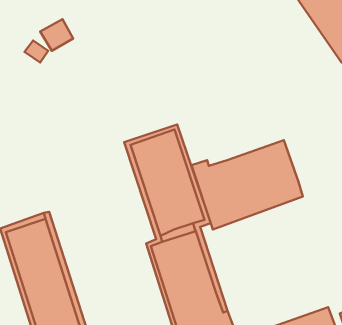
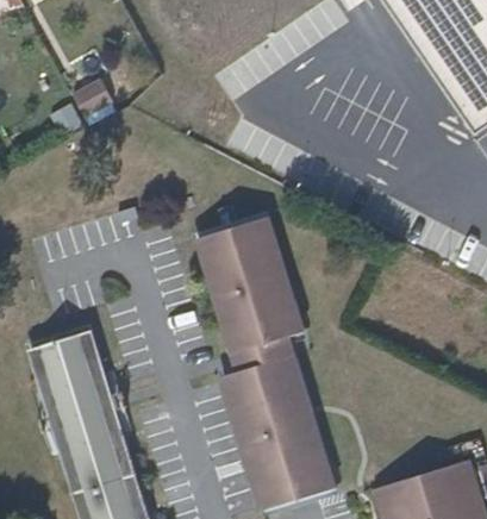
building: [191,140,303,229] -> none

